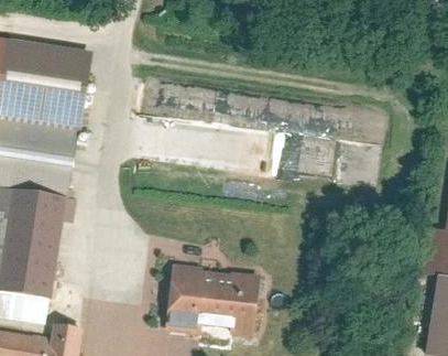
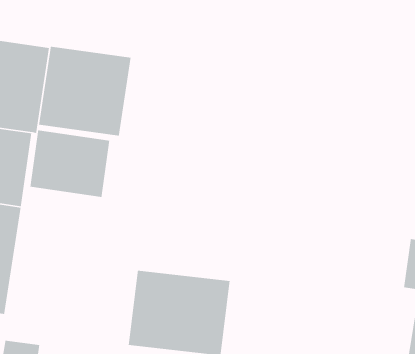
building: none -> [38,46,131,137]
building: none -> [30,129,110,198]

